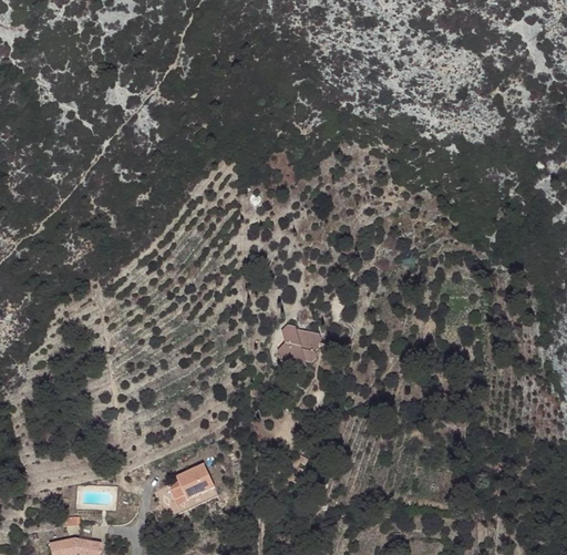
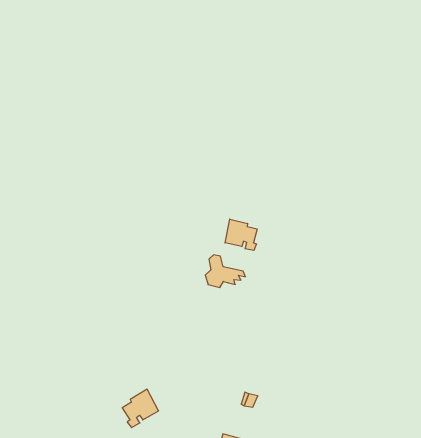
building: none -> [225,219,257,250]

